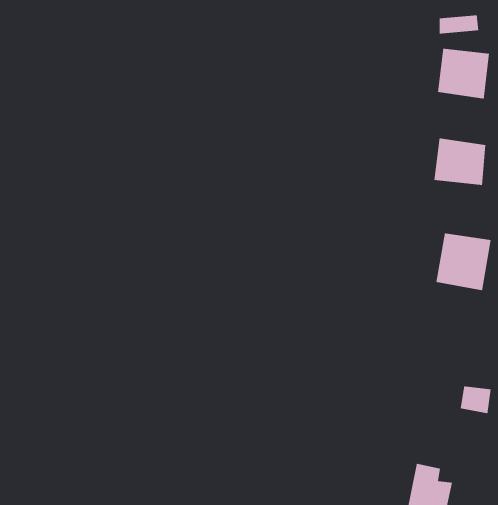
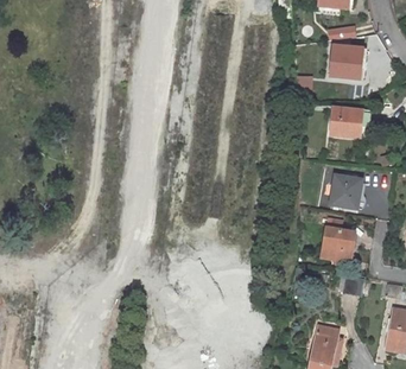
building: none -> [321,223,356,260]

